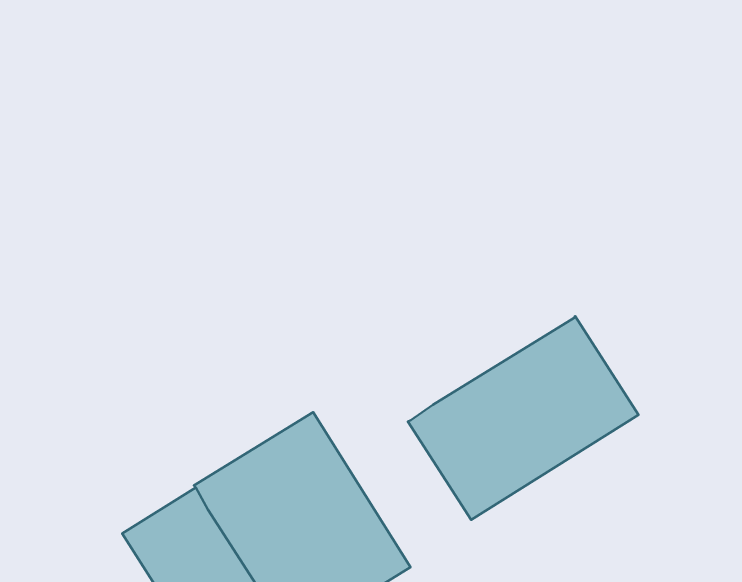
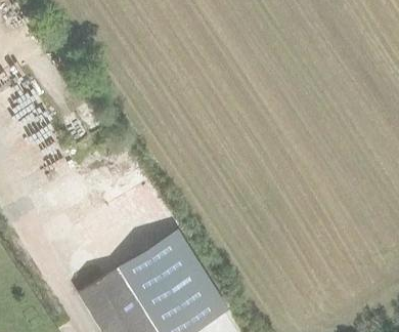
building: [408,316,639,520] -> none

